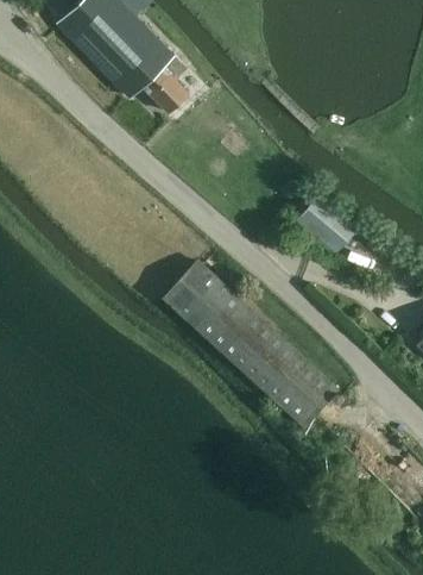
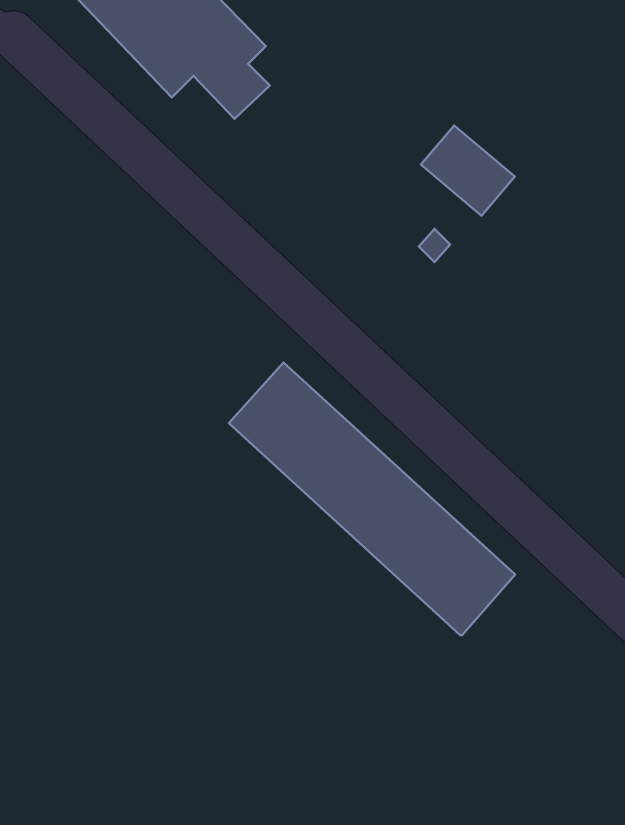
building: [298,198,355,252] -> [421,125,515,216]

